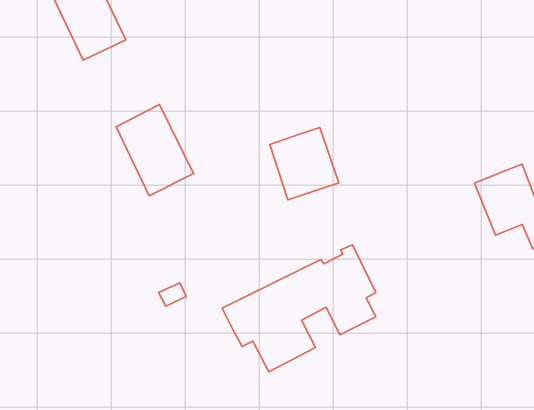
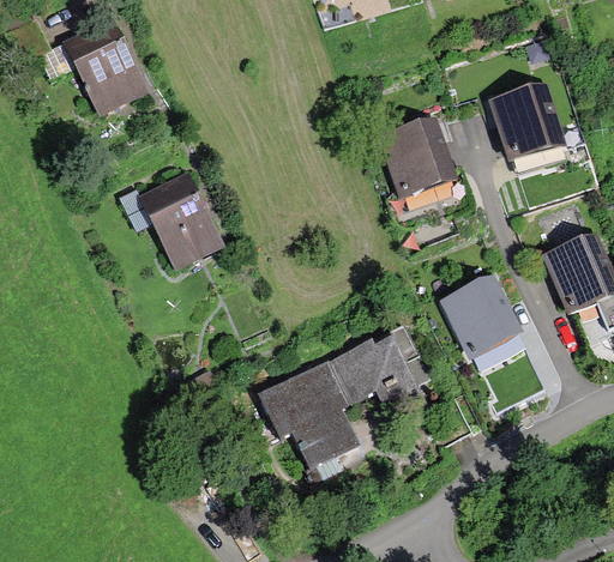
building: none -> [489,80,567,161]
building: [270,128,339,200] -> [379,115,457,197]
building: none -> [440,273,524,359]

